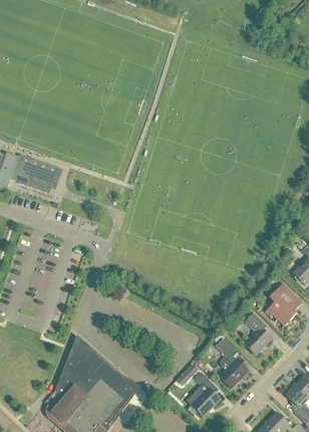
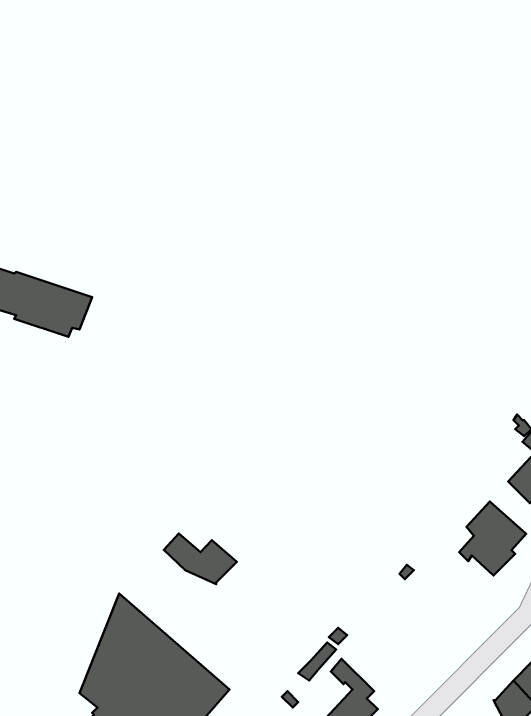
building: none -> [164,534,237,584]
building: [244,313,271,355] -> none
building: [215,339,248,389] -> none

